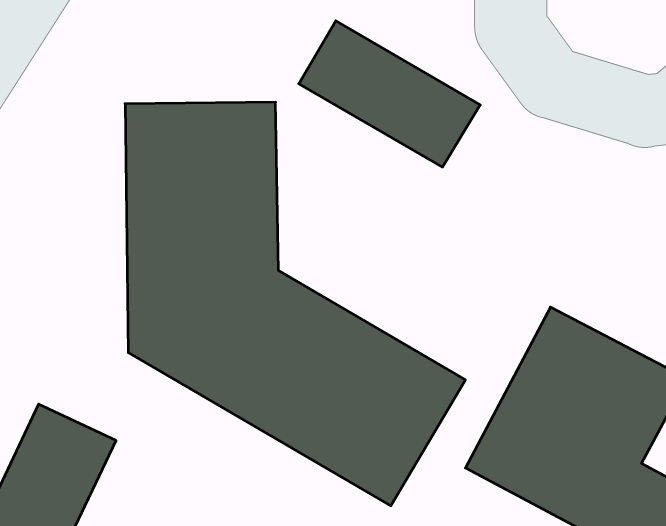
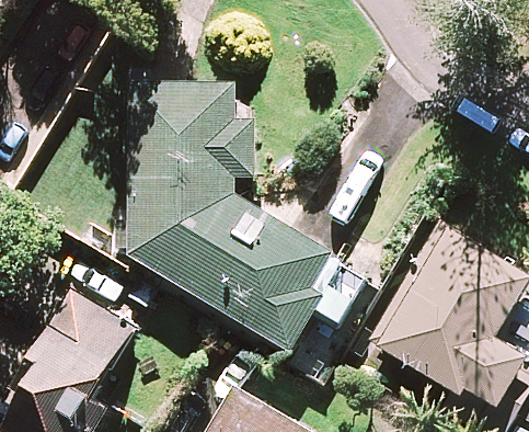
building: [299,21,480,167] -> none

